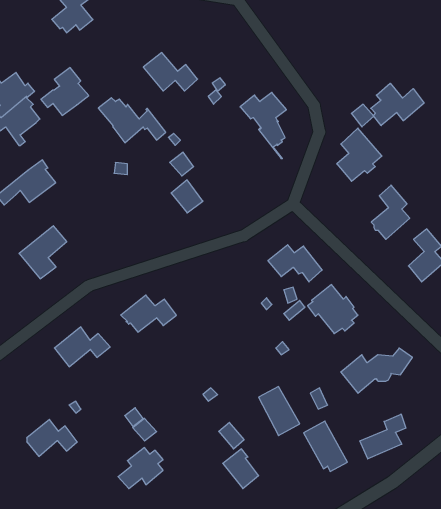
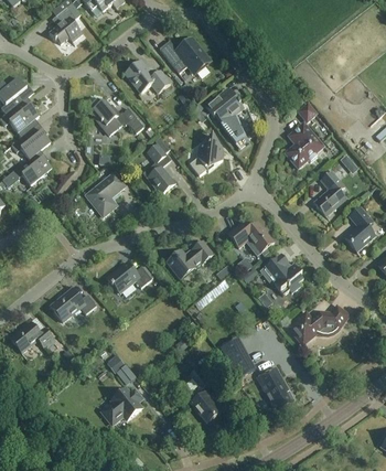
building: none -> [159,39,207,72]
building: [41,68,89,115] -> [10,118,50,158]
building: [371,83,424,126] -> none
building: none -> [189,135,223,174]
building: [19,226,67,279] -> [85,171,125,215]
building: none -> [165,239,213,278]
building: [360,414,406,459] -> none
building: [27,419,77,456] -> [11,321,53,352]

